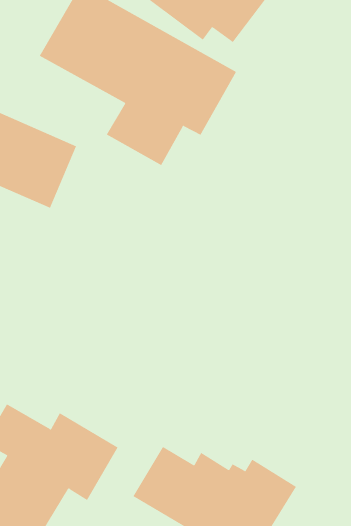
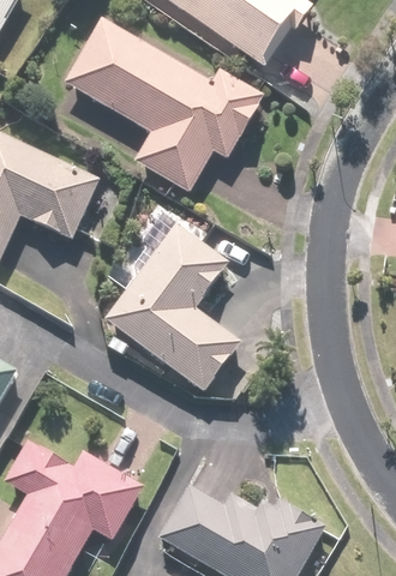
building: none -> [101,216,258,396]

